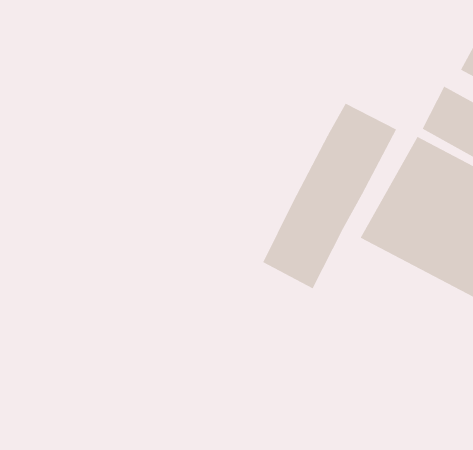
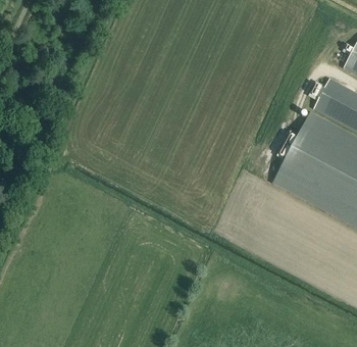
building: [263,103,397,289] -> none

